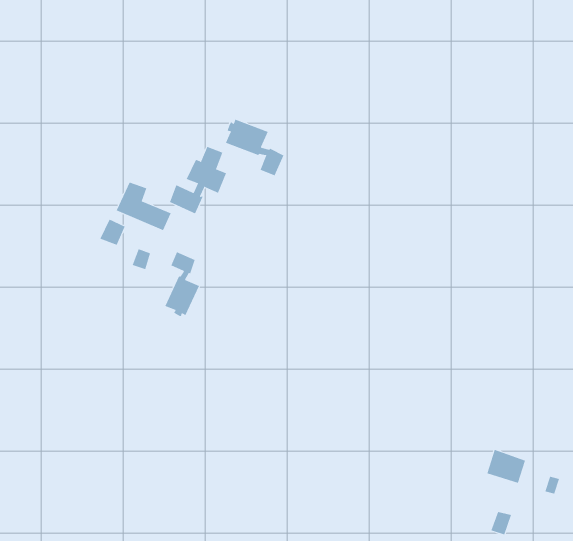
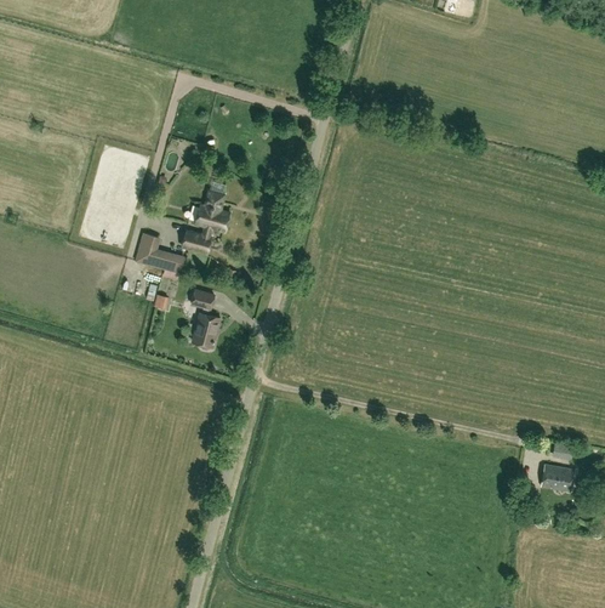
building: [225,119,284,176] -> none
building: [487,449,526,484] -> [540,464,573,491]

